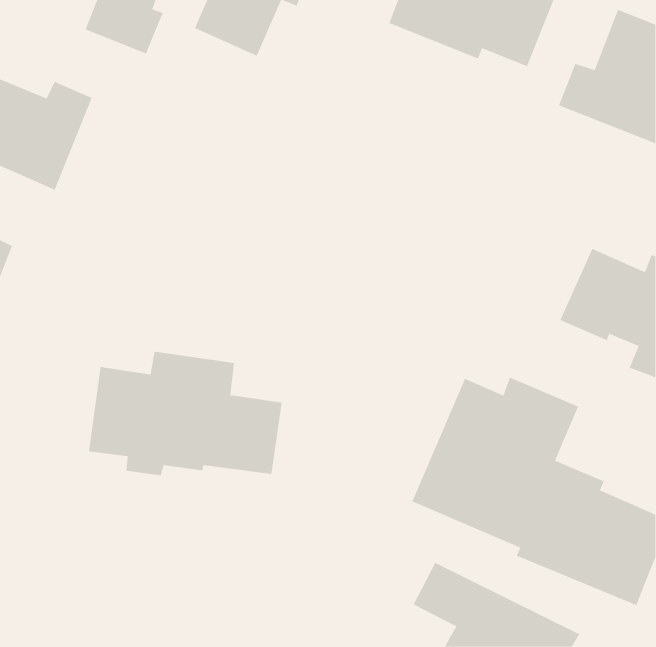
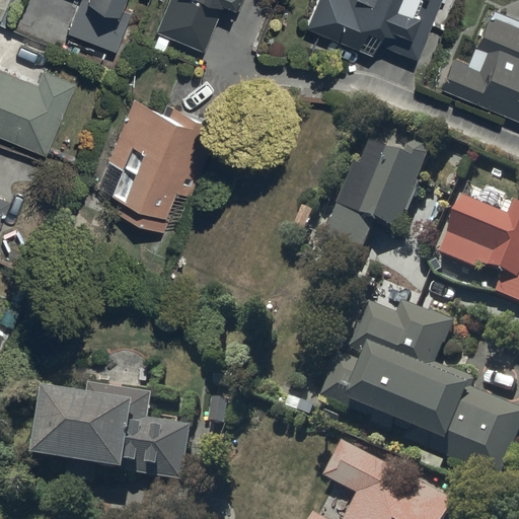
building: none -> [97,91,218,225]
building: none -> [324,142,425,256]
building: [88,351,282,476] -> [38,383,191,481]

